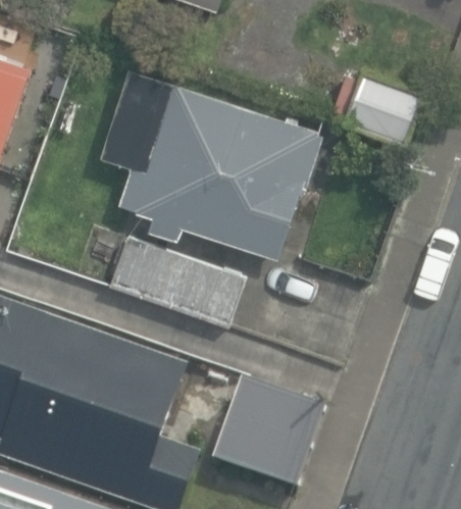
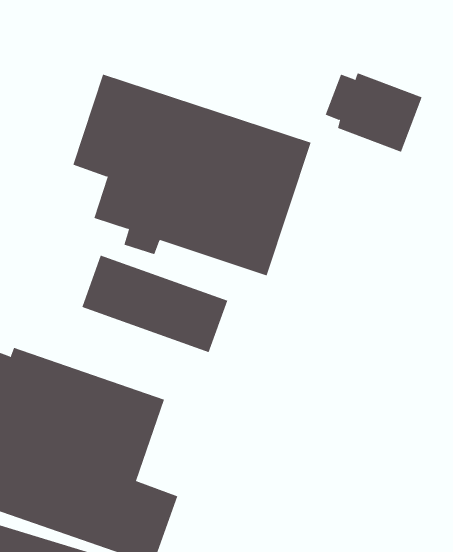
building: [214,378,322,488] -> none

